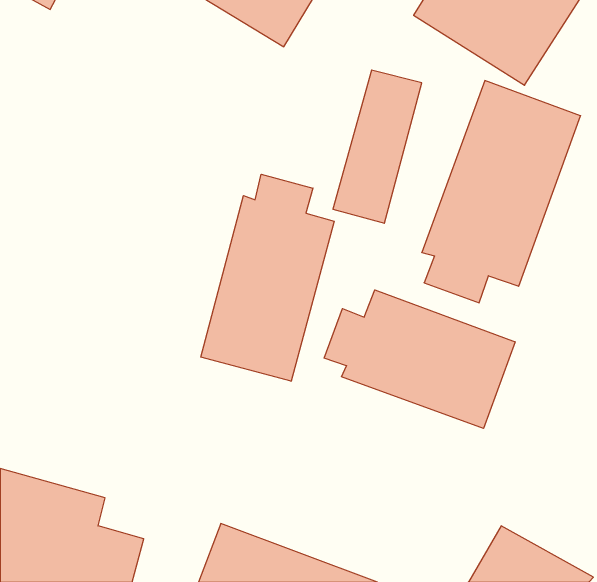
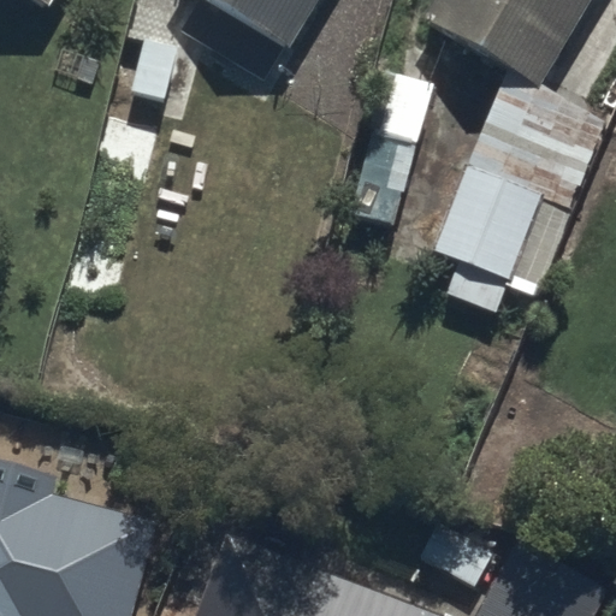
building: [201,174,334,381] -> none
building: [324,290,515,428] -> none

